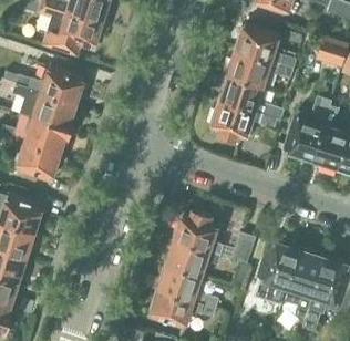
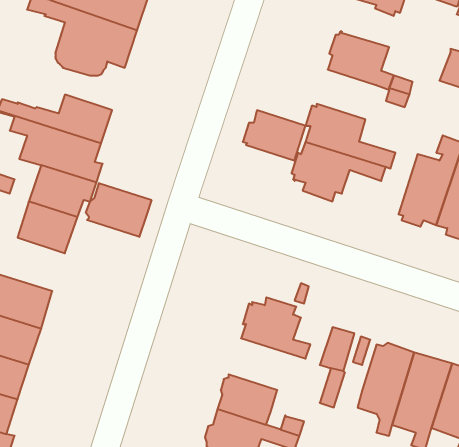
building: [225,50,269,85] -> [243,110,306,161]
building: none -> [86,183,151,237]
building: [165,239,220,276] -> none

